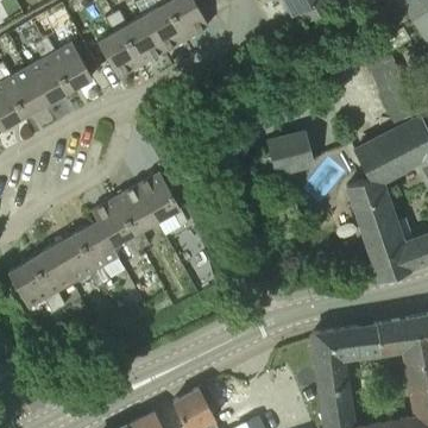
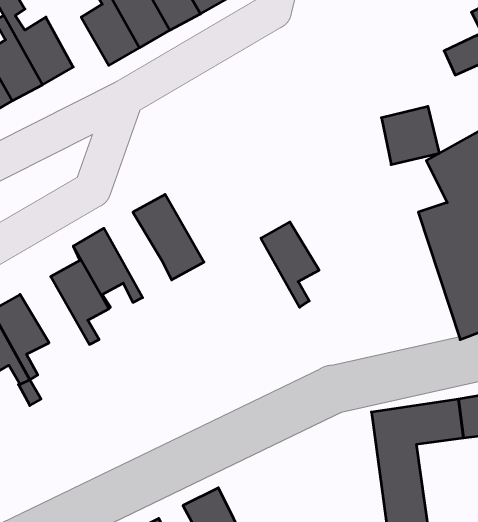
building: [269,132,311,175] -> [381,106,439,165]
building: [115,185,158,248] -> [261,222,319,307]
building: [54,233,105,288] -> none

